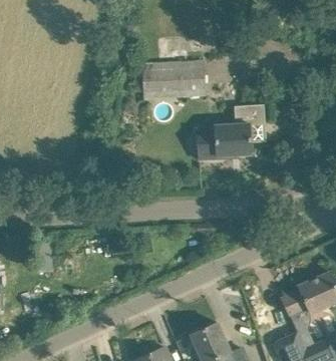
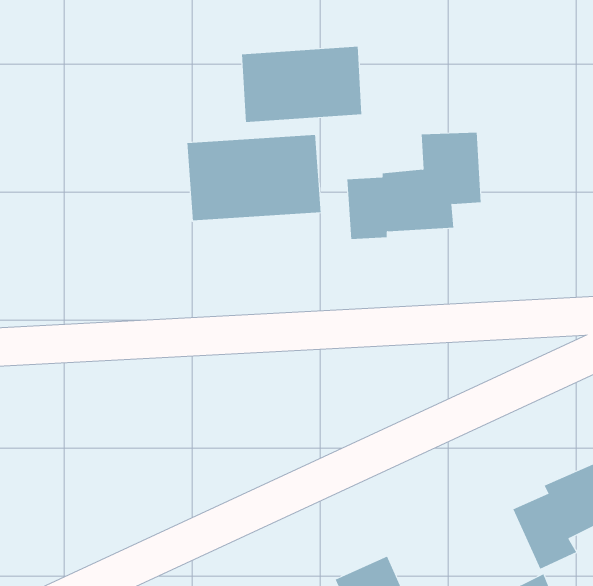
building: none -> [187,134,321,221]

